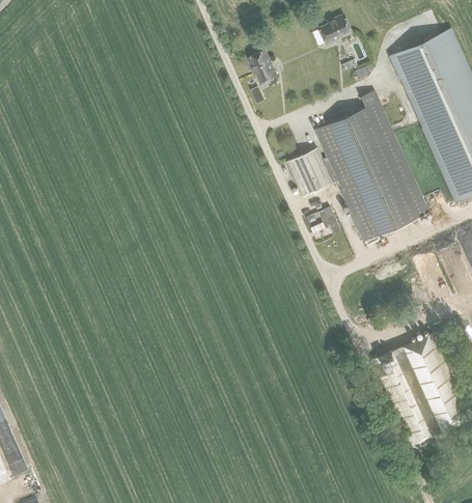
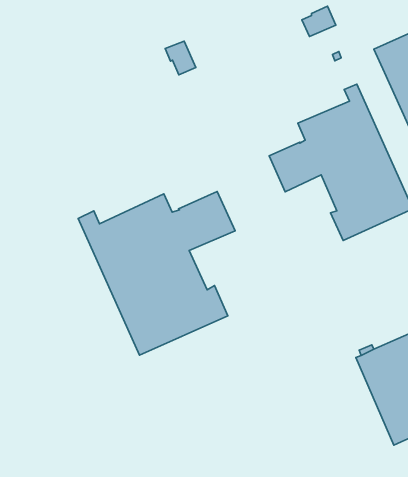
building: [248,50,278,83] -> [165,41,196,75]
building: none -> [78,192,235,355]

